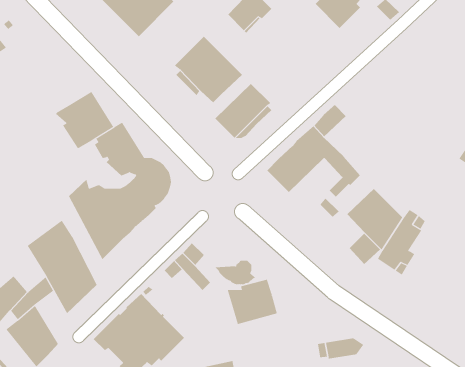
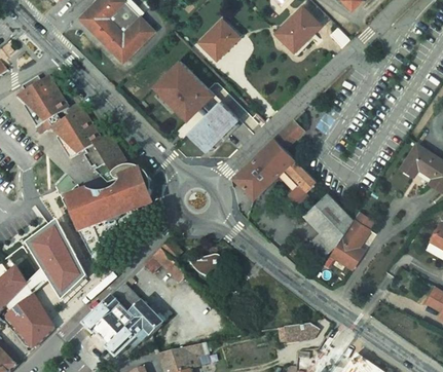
building: none -> [16,76,67,127]
building: [227,279,277,325] -> none

